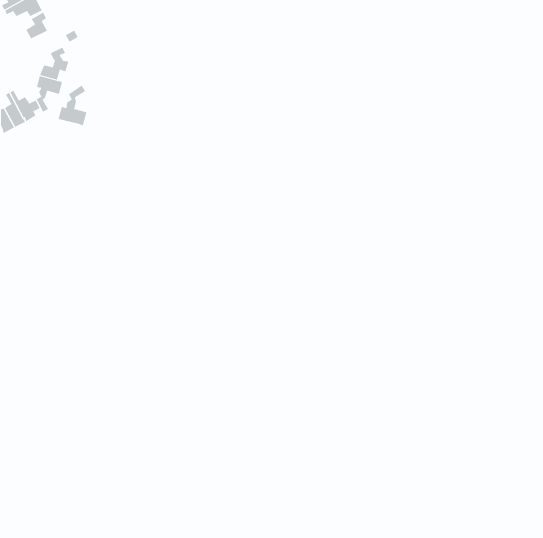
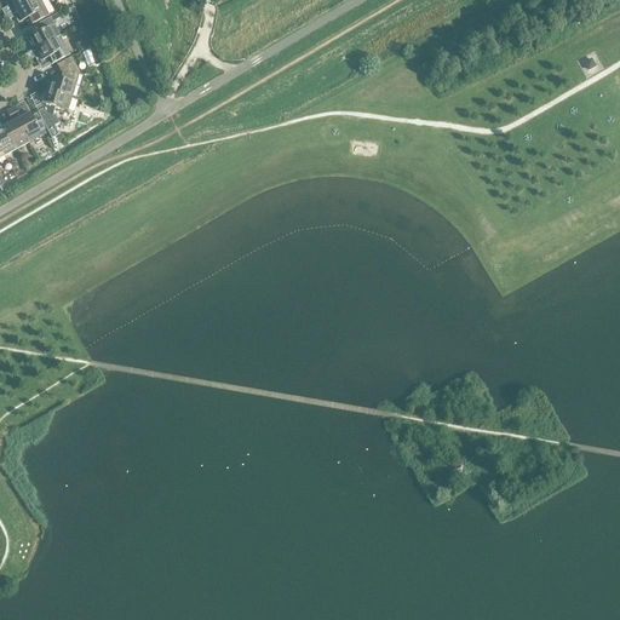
building: none -> [24,31,70,59]
building: [58,85,87,126] -> none

